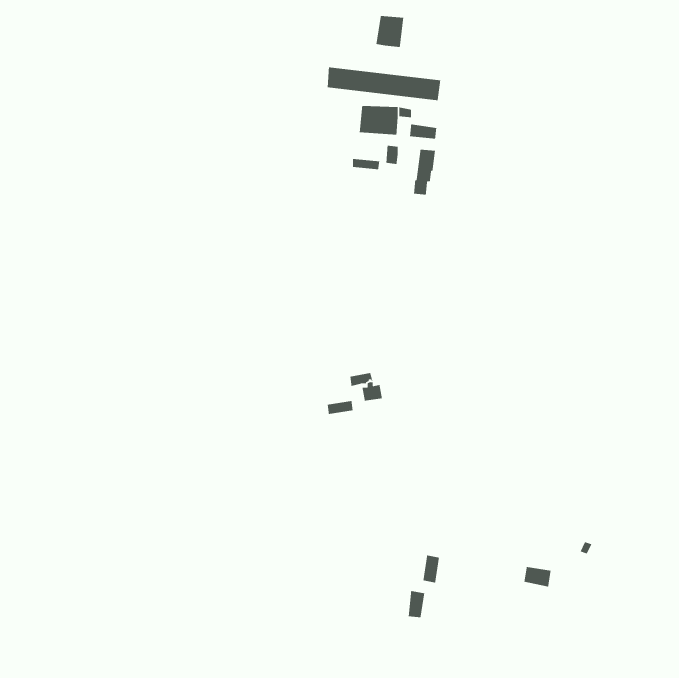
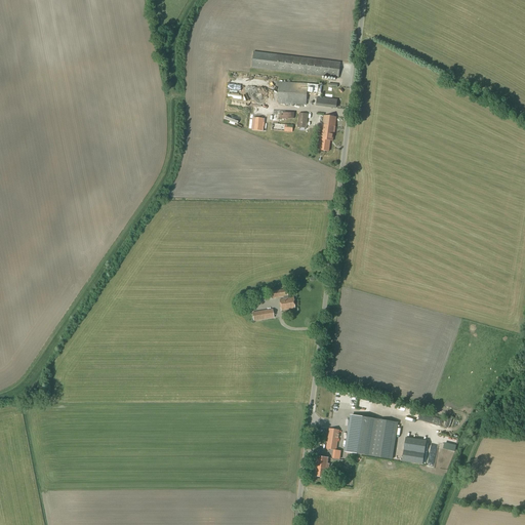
building: [376,15,404,48] -> none
building: none -> [345,414,394,458]

